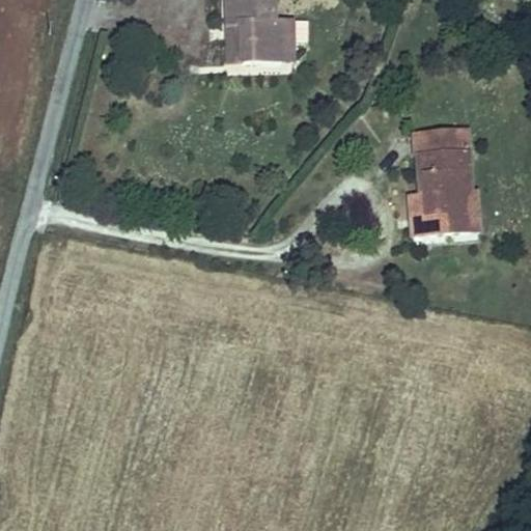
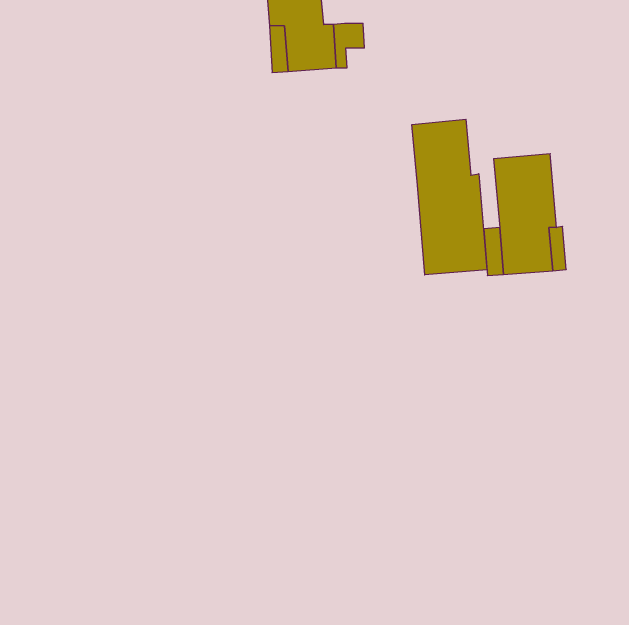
building: none -> [412,119,487,275]

